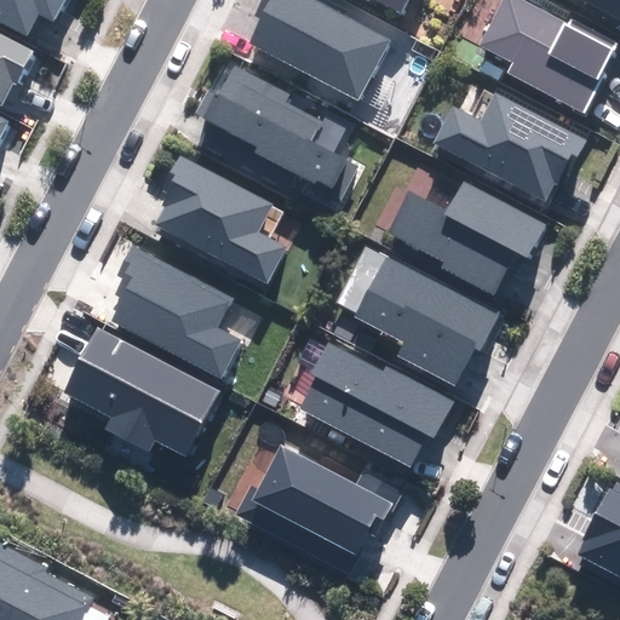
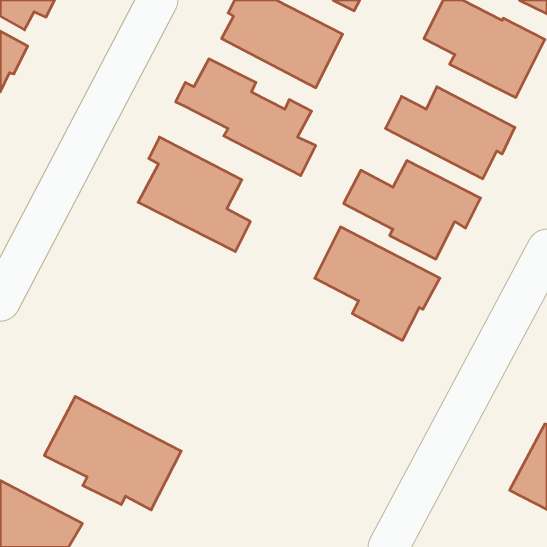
building: [113,247,239,377] -> none
building: [63,327,218,455] -> [44,396,181,510]
building: [297,344,452,466] -> none
building: [236,447,398,572] -> none

